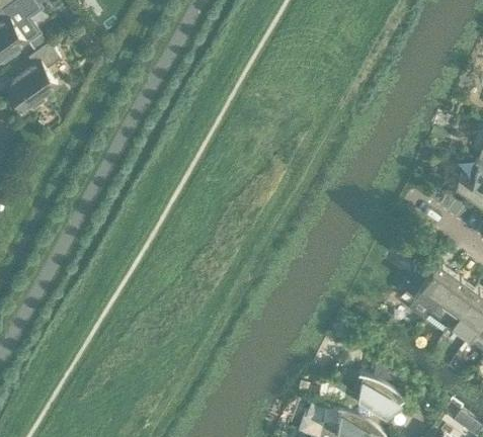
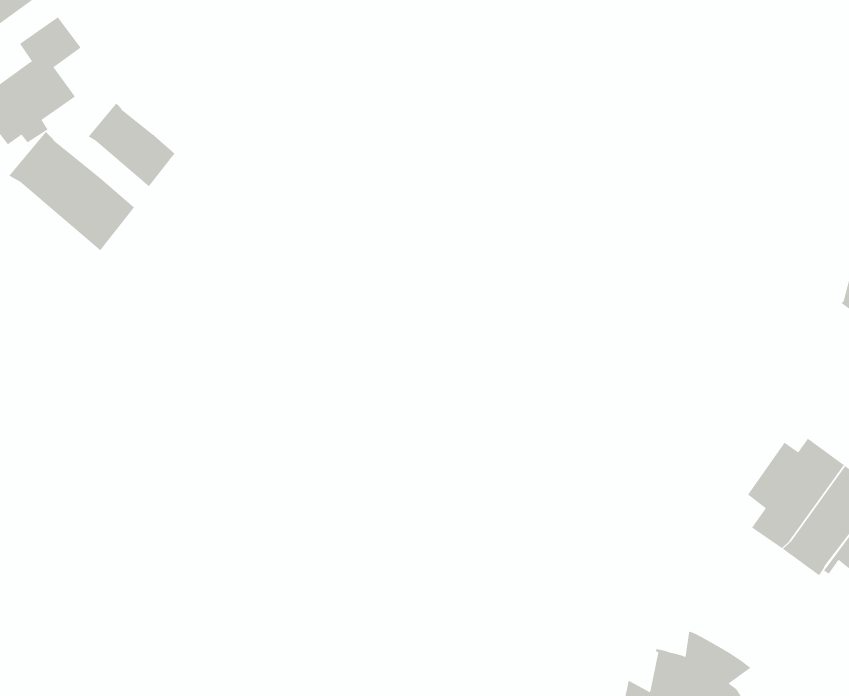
building: none -> [88,103,175,187]
building: none -> [9,131,135,251]

